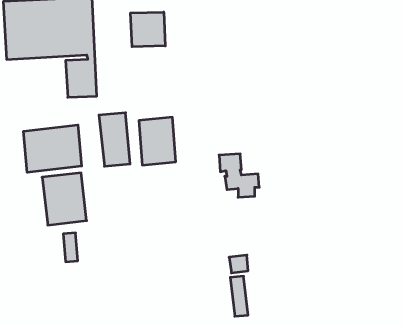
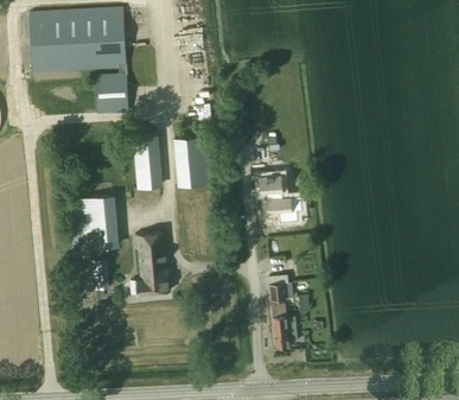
building: [131,12,165,47] -> none
building: [24,125,82,172] -> none
building: none -> [128,233,170,296]

